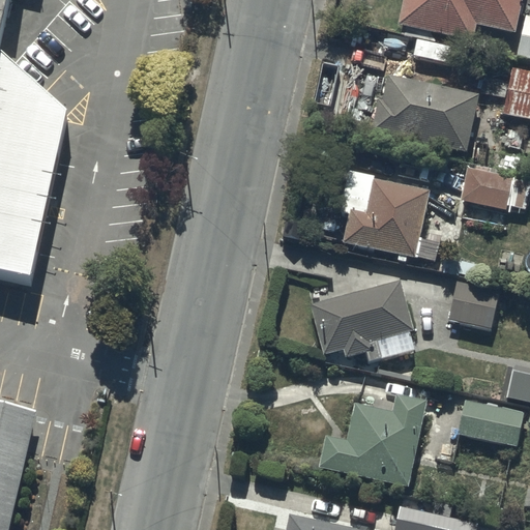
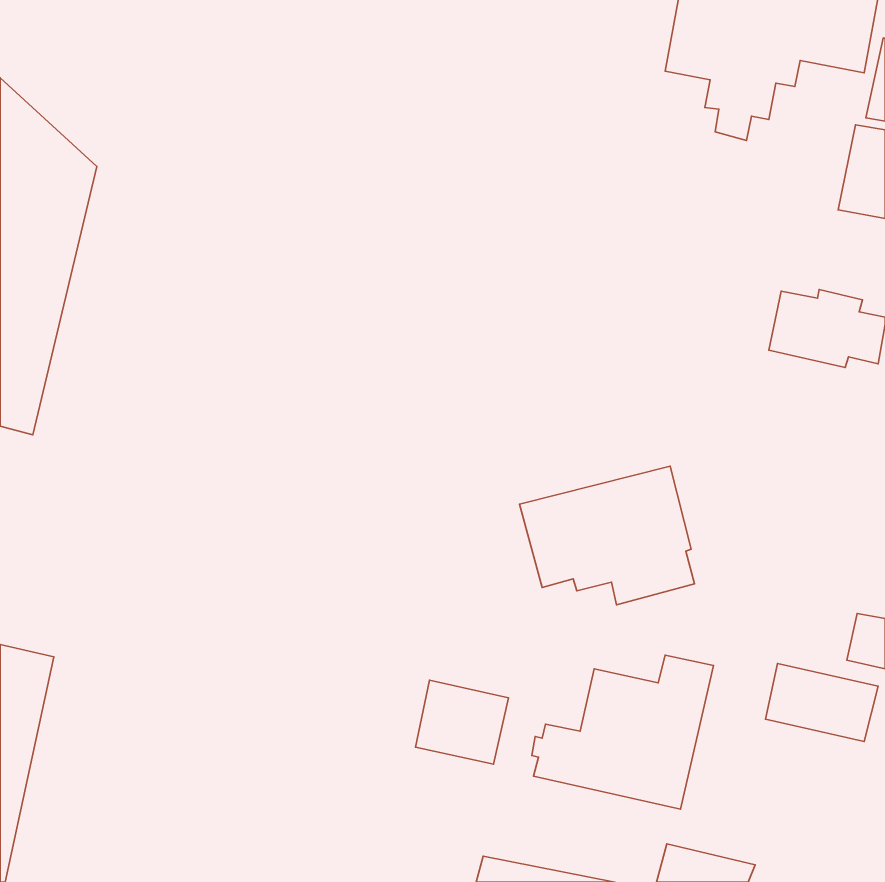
building: [371,82,482,165] -> none
building: [344,184,429,266] -> none
building: [448,285,518,328] -> none
building: none -> [416,680,509,764]

